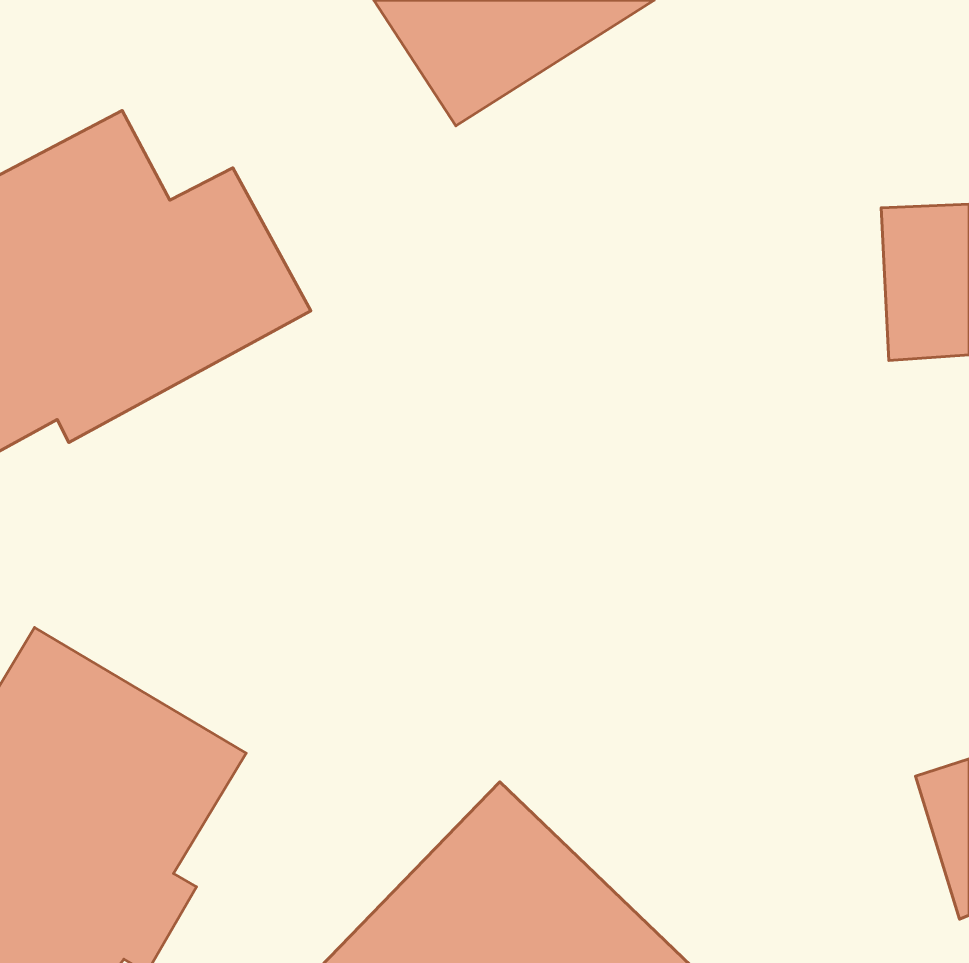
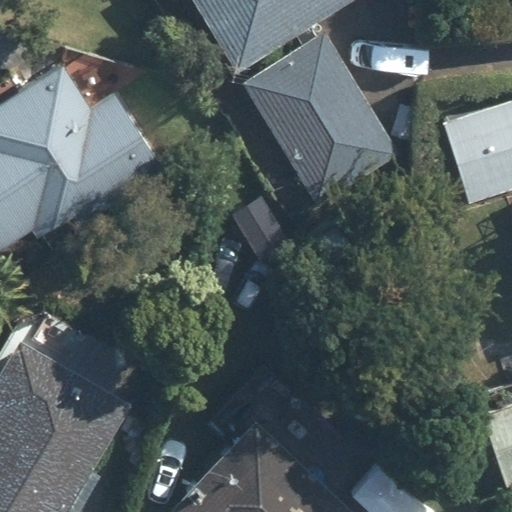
building: none -> [244,29,398,199]

